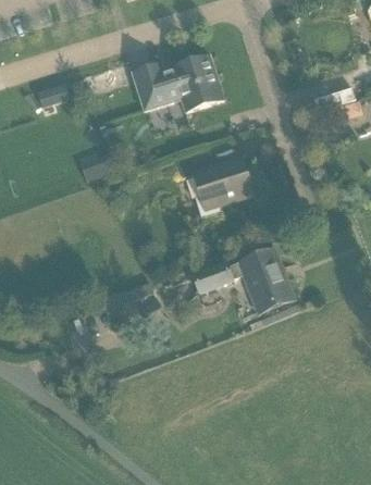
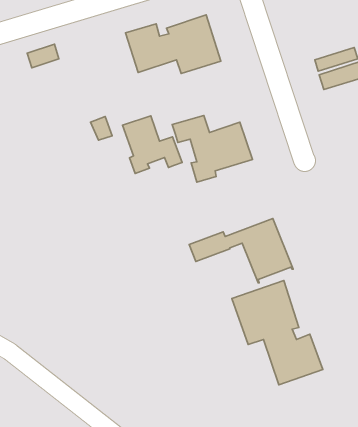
building: none -> [122,116,182,174]
building: none -> [232,281,323,385]

